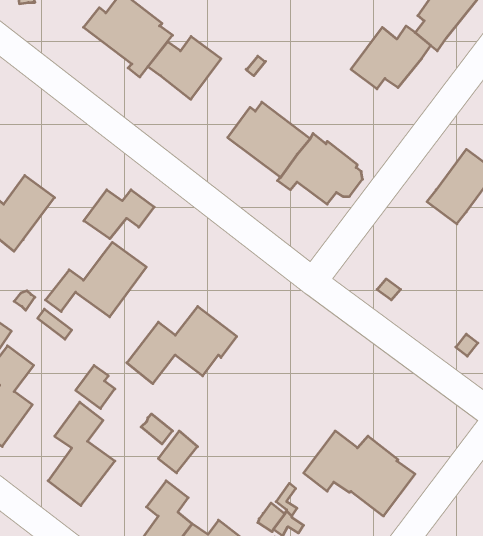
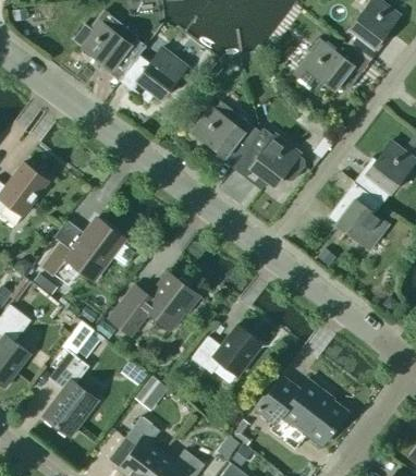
building: [84,190,154,239] -> none
building: none -> [328,182,388,248]
building: none -> [191,325,262,376]

